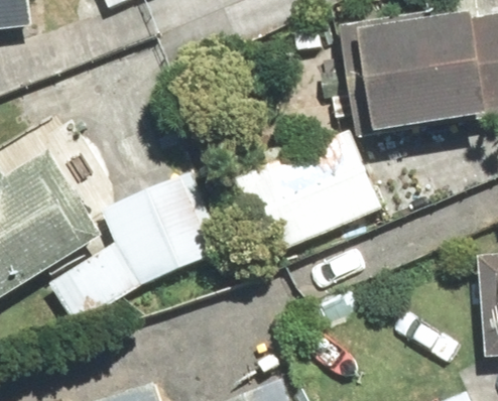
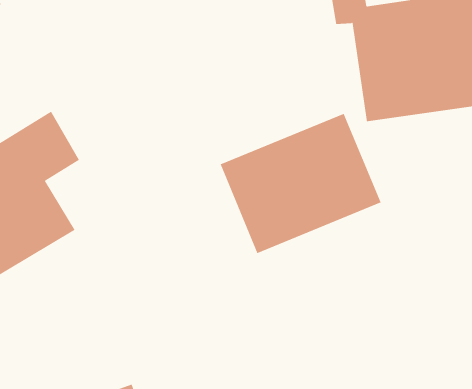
building: [53,164,224,318] -> none

